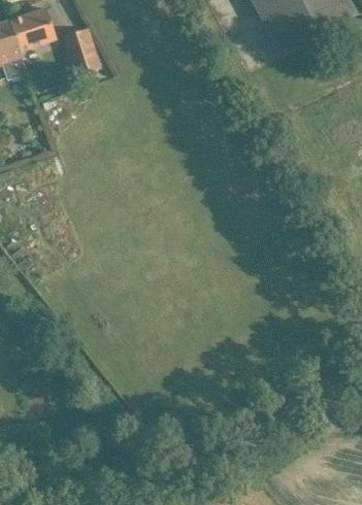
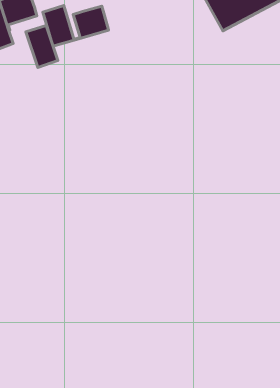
building: none -> [73,6,108,40]
building: none -> [26,26,58,68]

